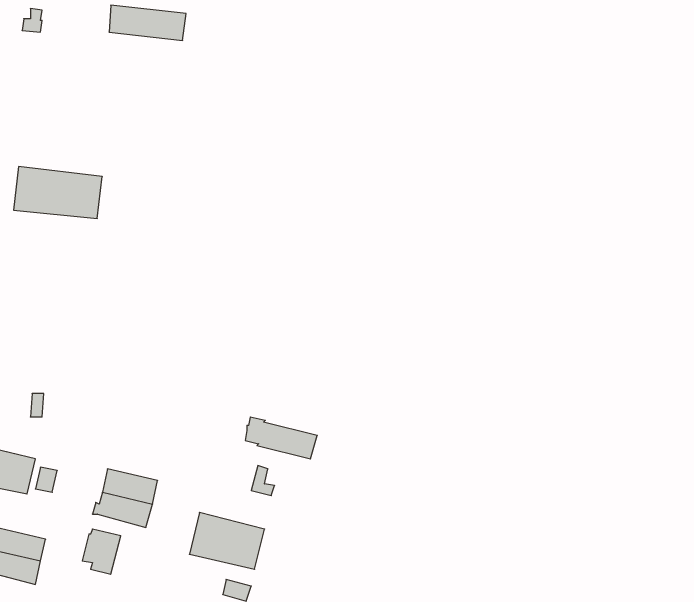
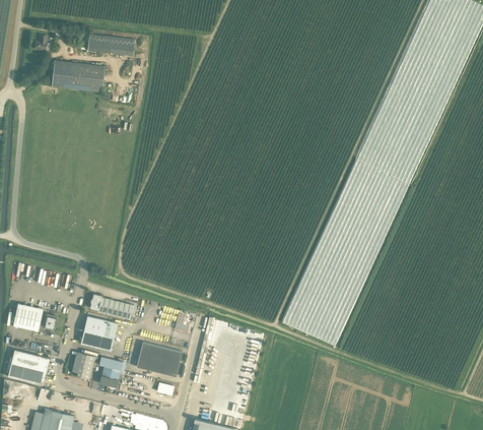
building: [14,167,102,218] -> [51,60,105,91]
building: [245,417,317,459] -> [89,294,133,319]
building: none -> [98,356,122,387]

